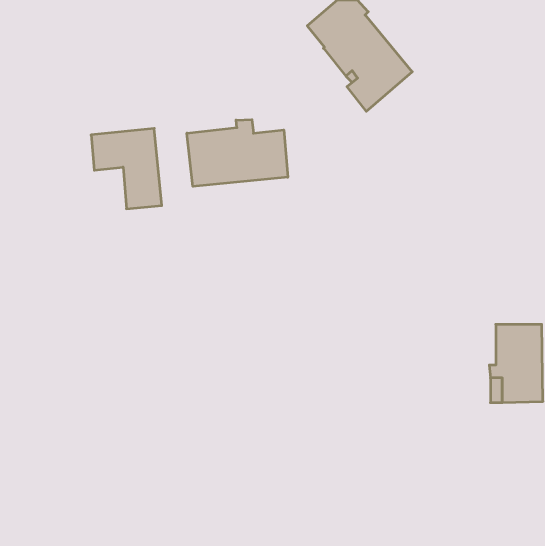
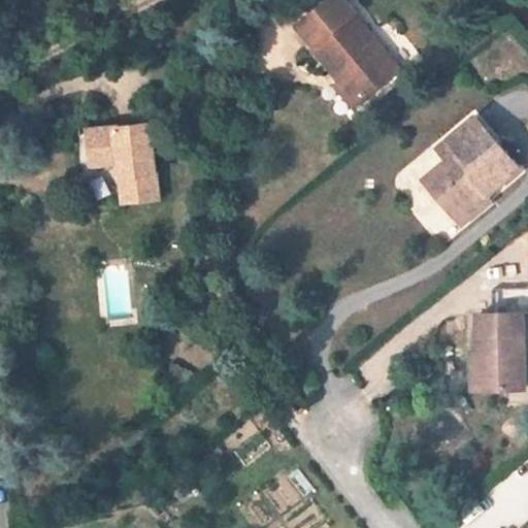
building: [187,120,288,186] -> none
building: none -> [422,117,518,225]

